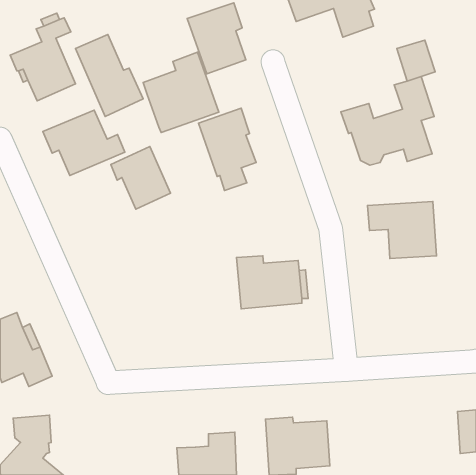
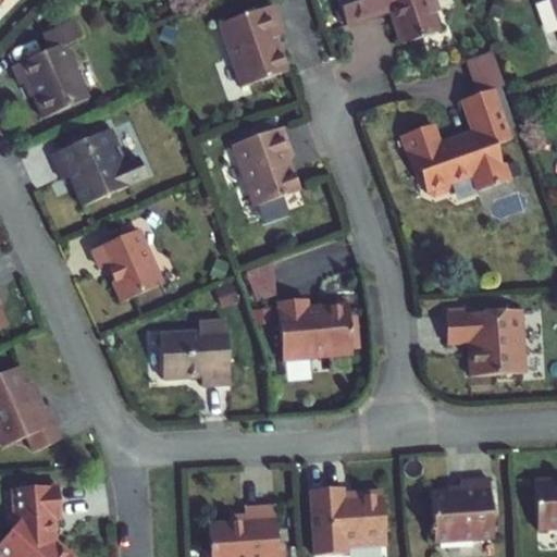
building: [75,34,143,116] -> none
building: [143,52,219,133] -> none
building: [111,147,170,209] -> [92,228,162,301]
building: [368,202,437,259] -> [444,309,524,375]
building: none -> [160,320,230,384]
building: none -> [430,478,493,541]

